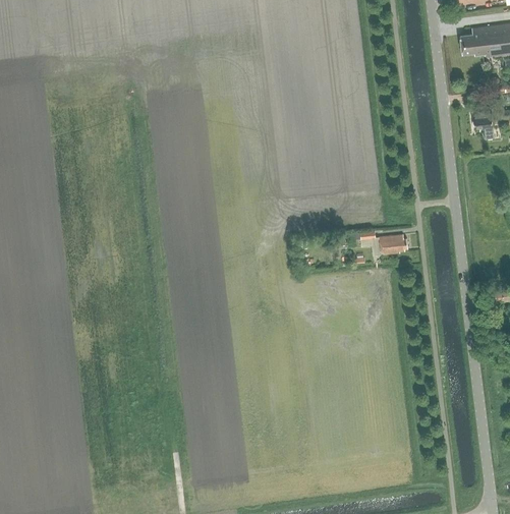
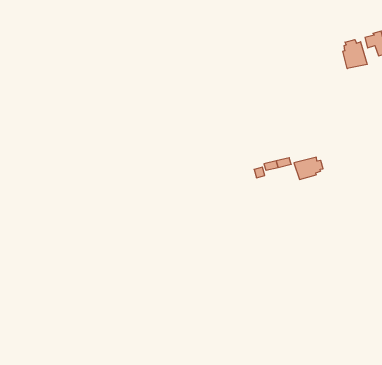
building: none -> [343,40,367,69]

